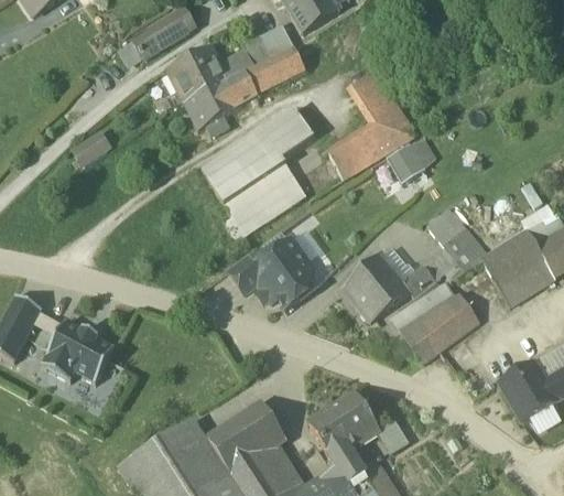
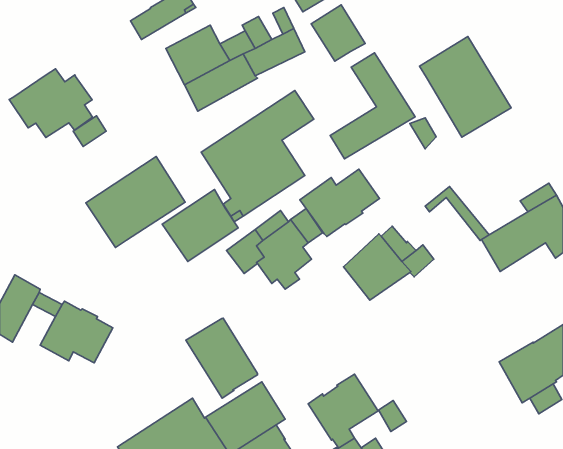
building: none -> [311,5,365,61]
building: none -> [420,36,511,137]
building: none -> [9,69,93,137]
building: [387,142,425,183] -> none
building: none -> [86,157,185,247]
building: none -> [300,169,380,237]
building: none -> [162,190,238,262]
building: [430,216,480,270] -> none
building: [500,261,555,304] -> none
building: [380,280,479,360] -> none
building: none -> [186,318,258,398]

